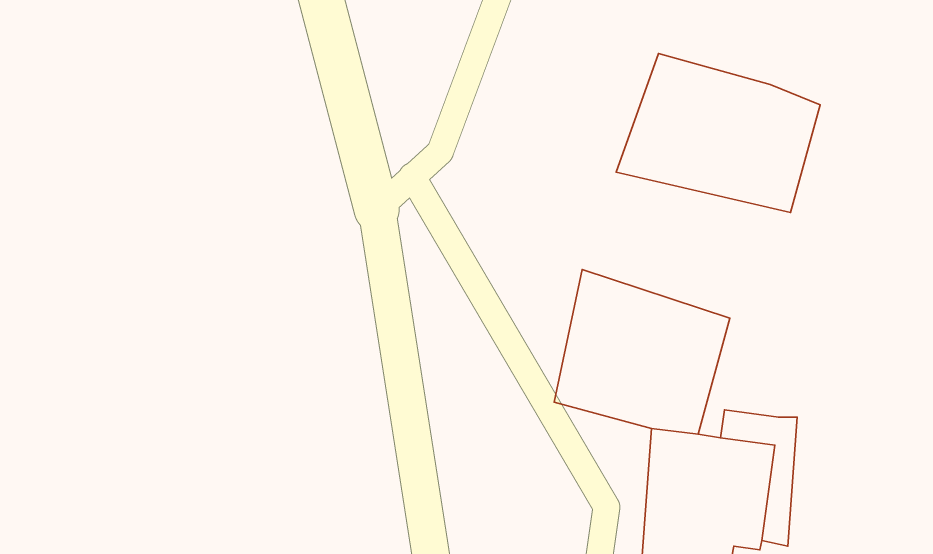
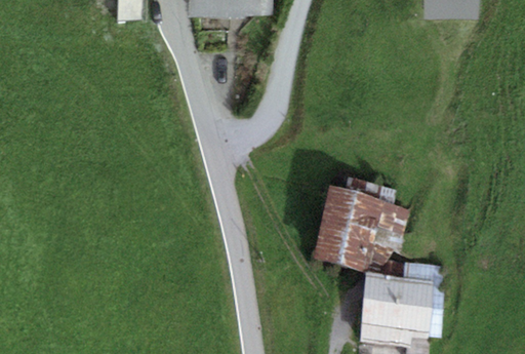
building: [616,53,820,212] -> none

